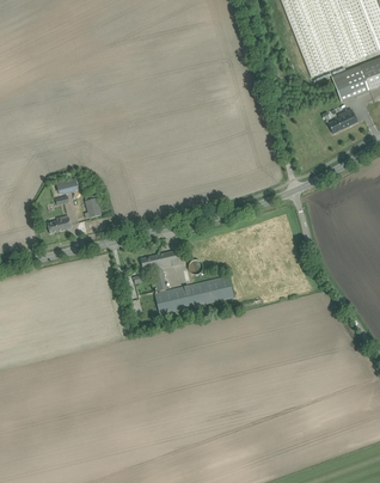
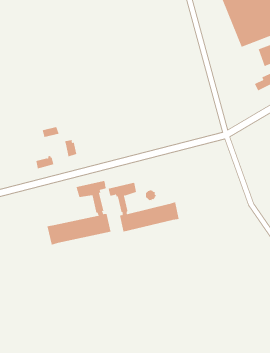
building: none -> [47,180,111,246]

